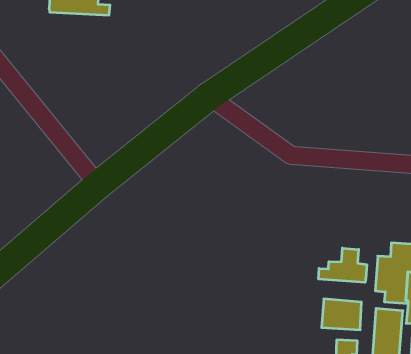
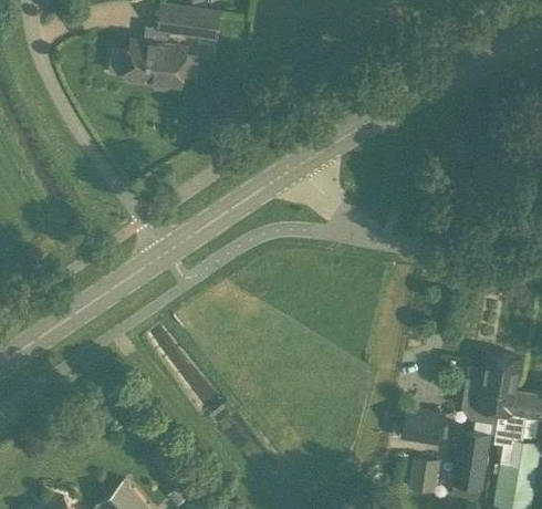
building: none -> [111,52,196,86]
building: [319,248,367,282] -> none

